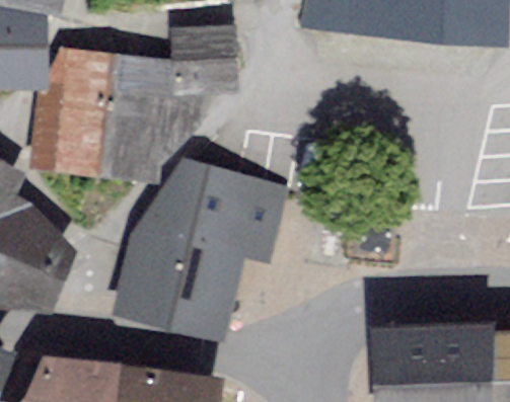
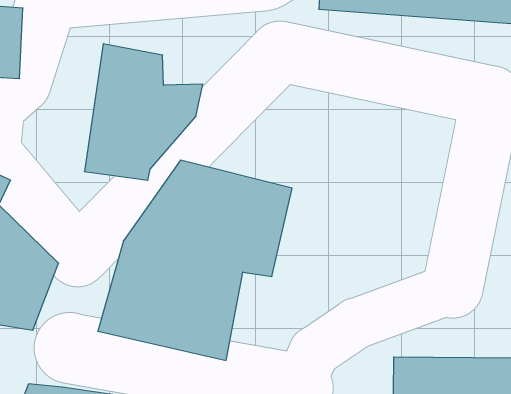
building: [166,26,237,91] -> none
building: [30,47,114,169] -> none

